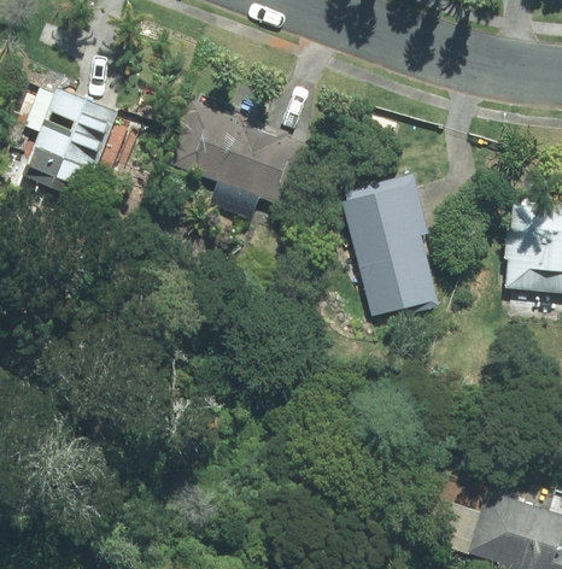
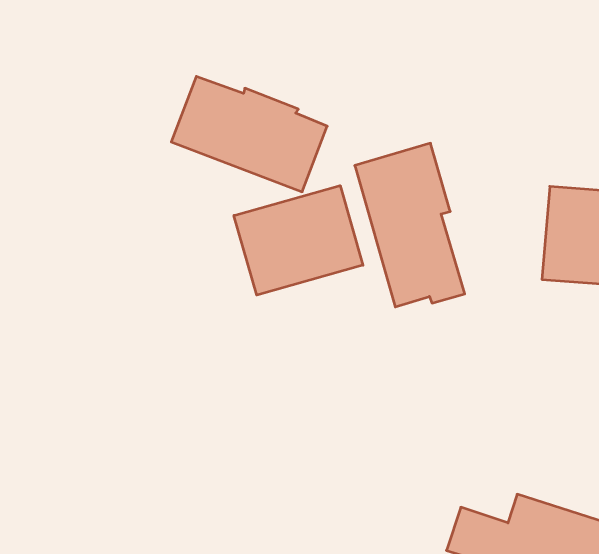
building: [25,94,117,201] -> none
building: none -> [234,186,363,295]

